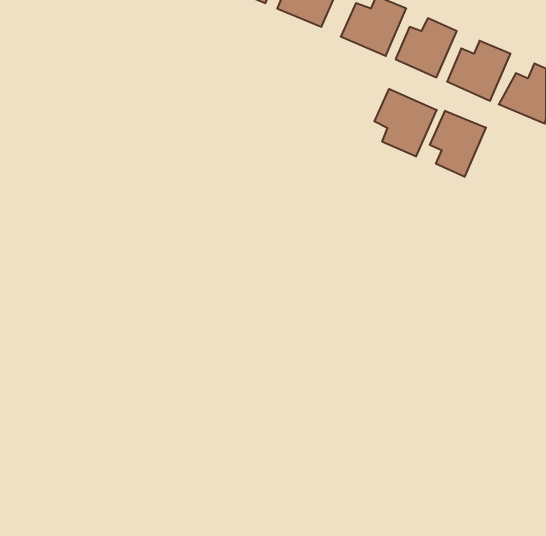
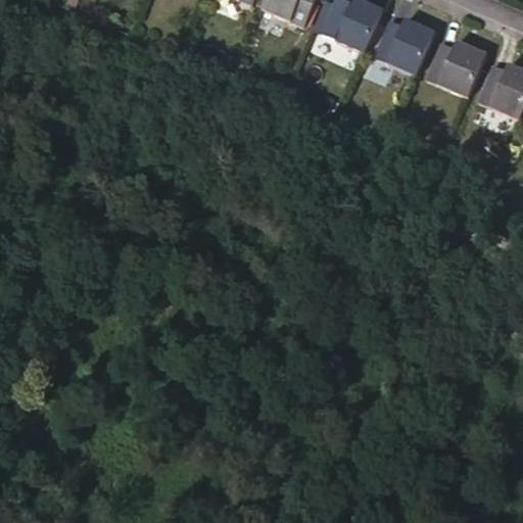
building: [374,89,437,157] -> none
building: [430,111,486,177] -> none

